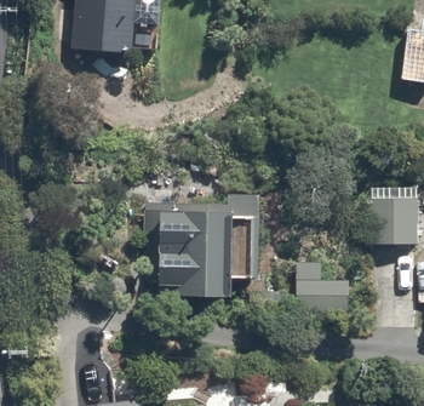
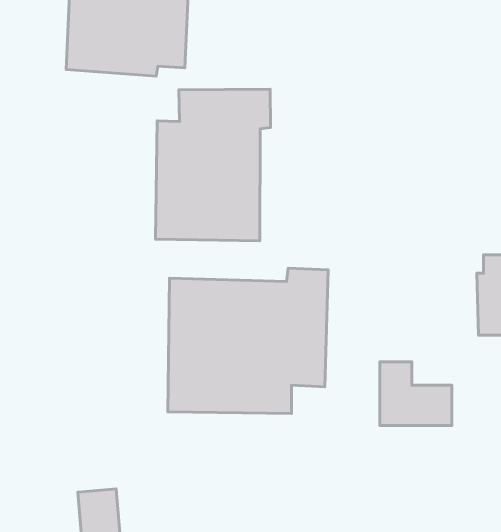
building: none -> [156,89,271,241]

